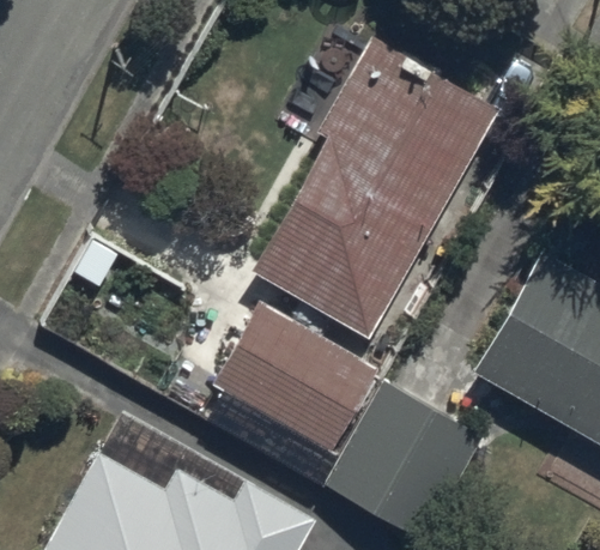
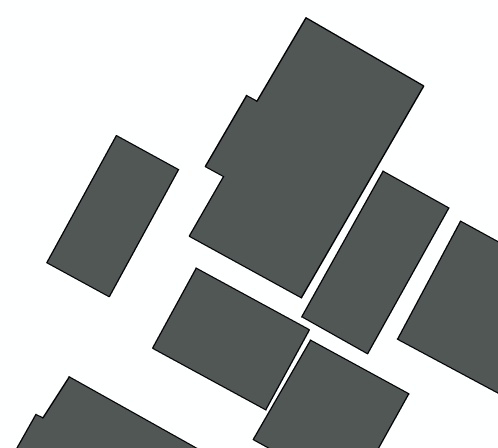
building: none -> [47,136,179,297]
building: none -> [302,171,449,354]

